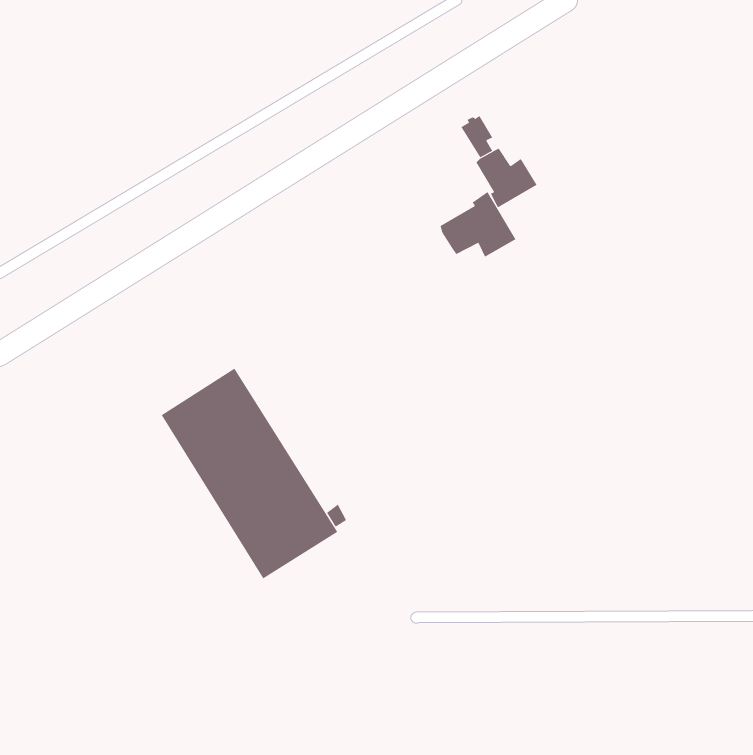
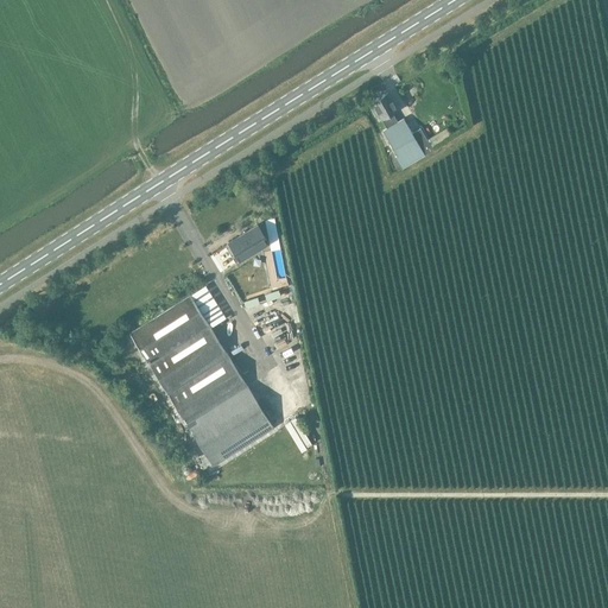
building: [440,191,516,257] -> none
building: none -> [228,226,279,262]

